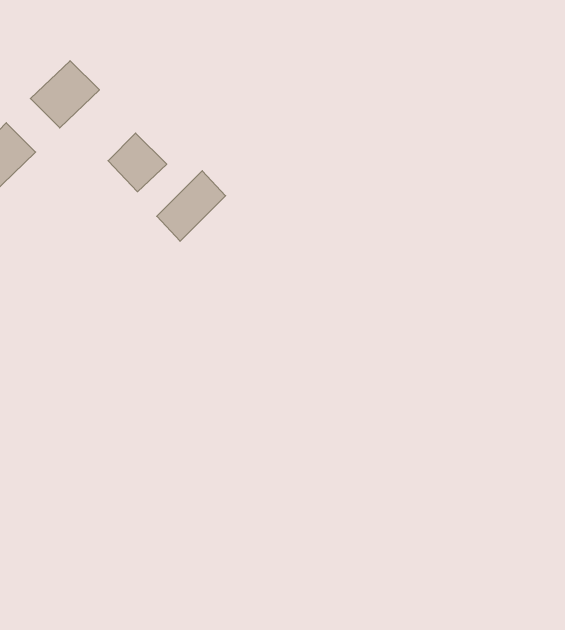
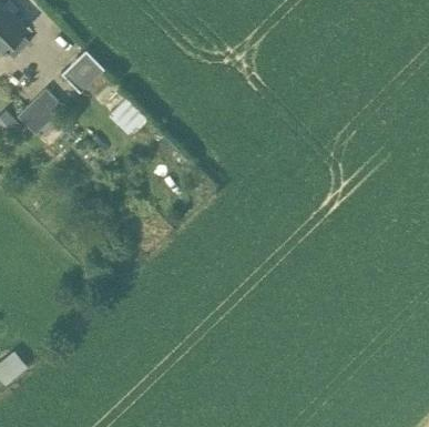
building: [157,171,226,241] -> none

